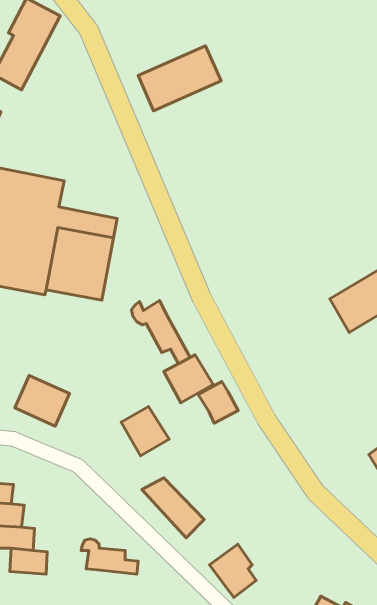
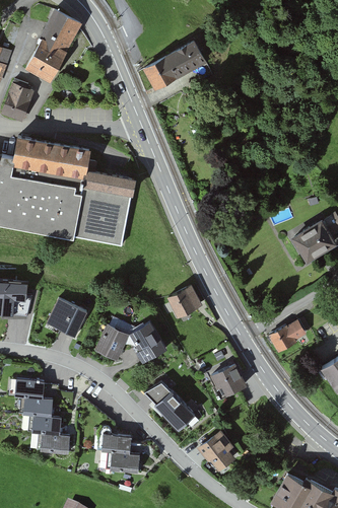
building: [131,301,190,364] -> none
building: [198,382,238,423] -> none
building: none -> [267,317,307,351]
building: none -> [94,325,130,362]
building: none -> [209,360,248,398]
building: none -> [112,452,142,470]

